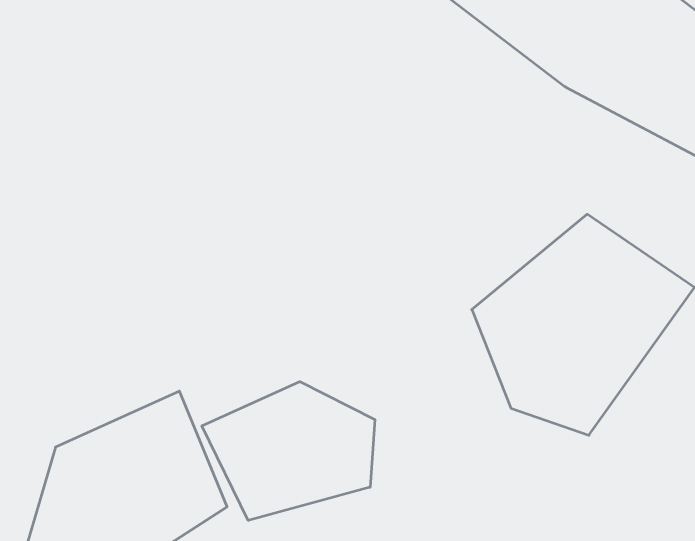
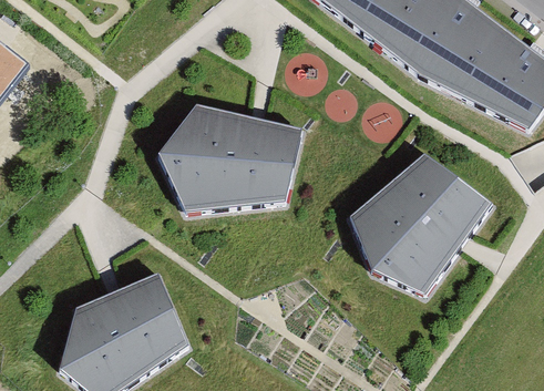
building: none -> [156,105,304,213]
building: [202,382,375,520] -> none

